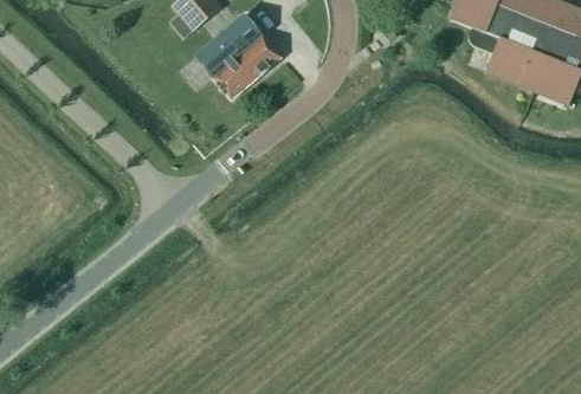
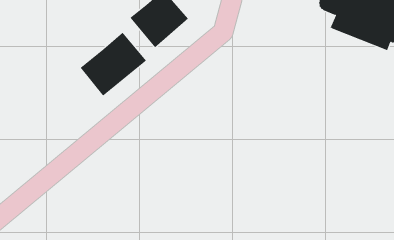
building: none -> [80,32,147,96]

